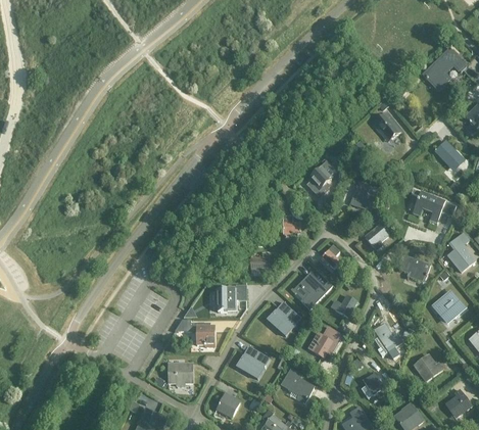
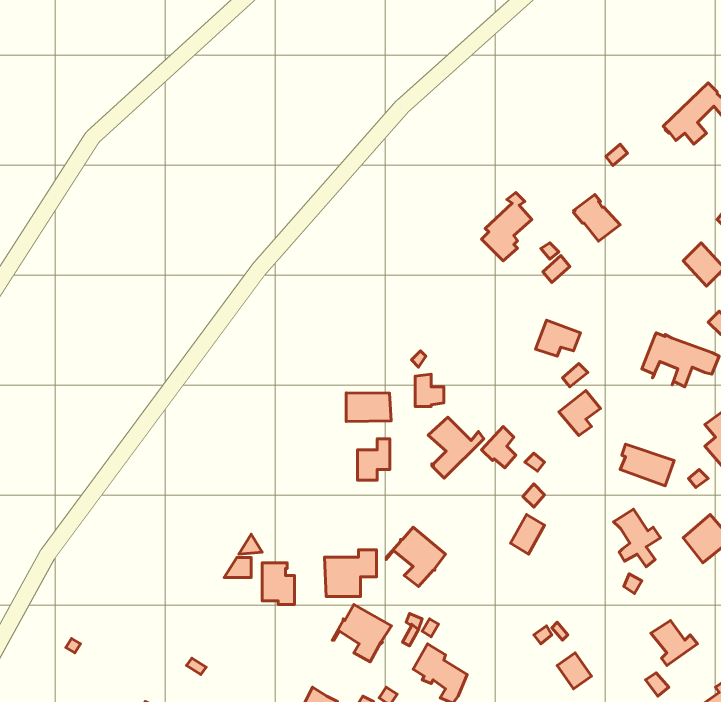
building: [307,157,336,196] -> [482,192,532,261]
building: none -> [346,393,391,422]
building: [299,273,331,307] -> [428,417,484,478]
building: [217,284,246,310] -> [324,550,377,597]
building: [374,323,400,355] -> [614,509,660,567]
building: [313,326,342,356] -> none
building: [169,363,192,385] -> none

